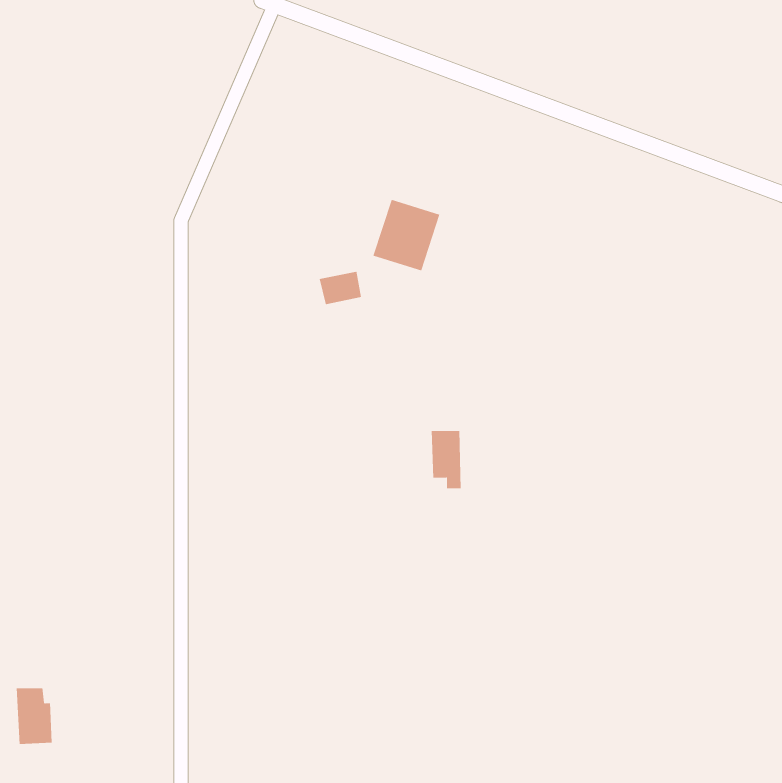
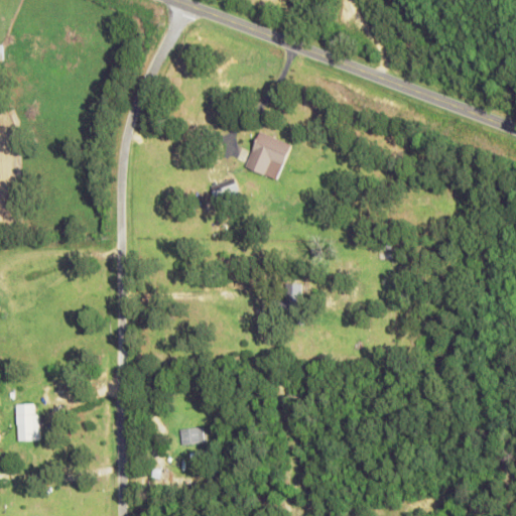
building: none -> [180,426,205,444]
building: [16,688,53,744] -> [15,403,39,440]

